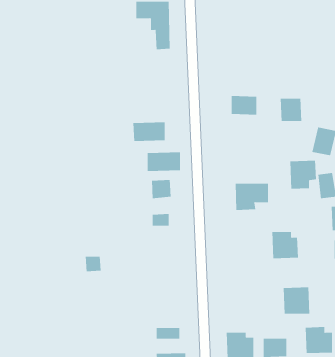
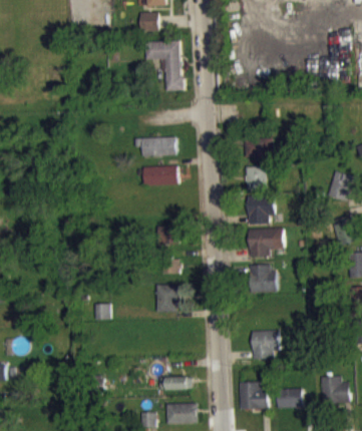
building: [280,98,302,121] -> [244,166,267,190]
building: [147,152,181,171] -> [140,136,175,156]
building: [290,160,317,189] -> [247,194,275,225]
building: [272,231,299,259] -> [249,265,277,293]
building: none -> [155,285,178,312]
building: [283,287,310,314] -> [251,330,279,358]

